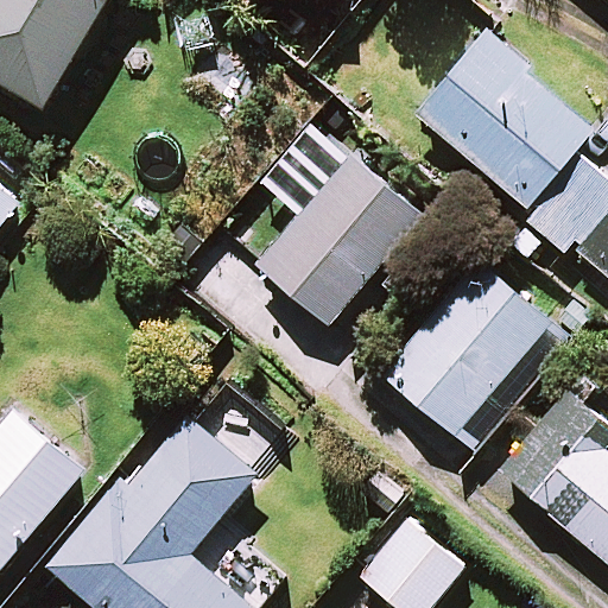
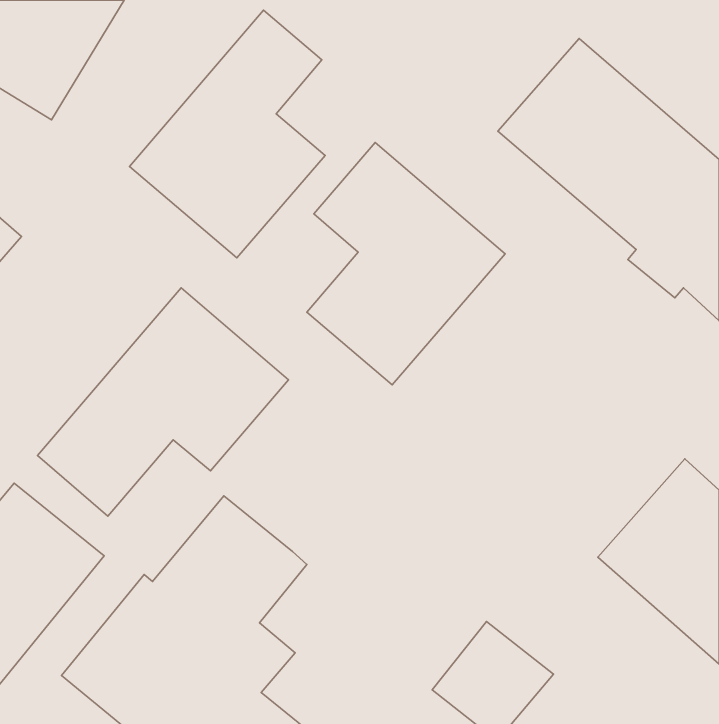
building: none -> [130,10,325,258]
building: none -> [38,288,288,516]
building: [381,260,568,450] -> none

